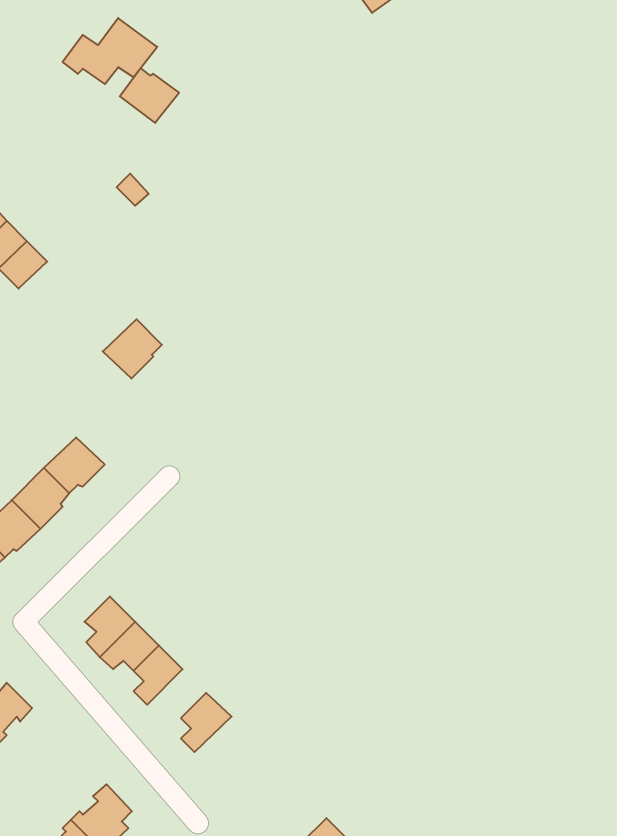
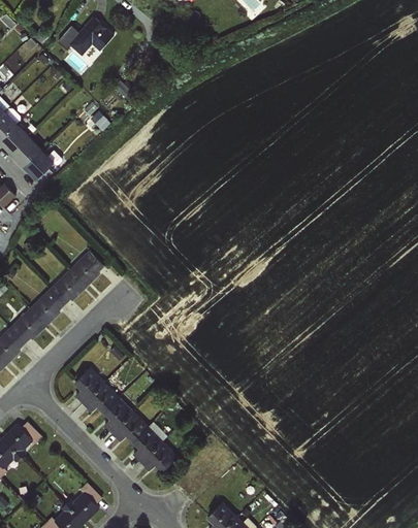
building: [120,68,179,123] -> none
building: [103,319,162,379] -> [68,251,104,287]
building: none -> [111,411,148,441]
building: none -> [140,440,178,471]

